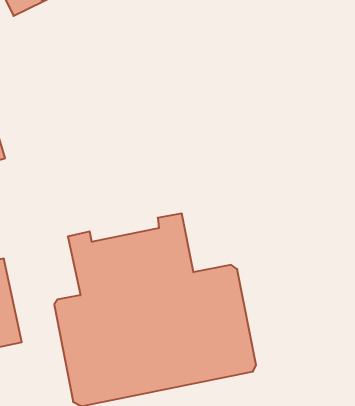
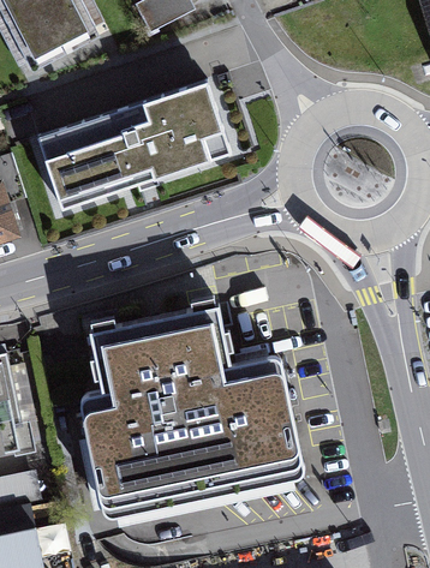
building: none -> [32,80,234,213]

